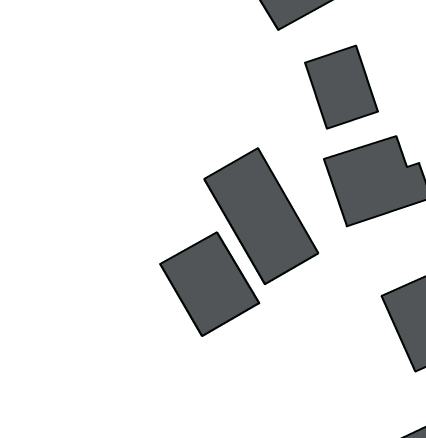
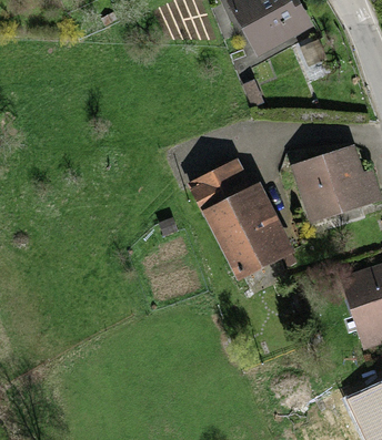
building: [305,46,378,129] -> none
building: [160,232,259,336] -> none

